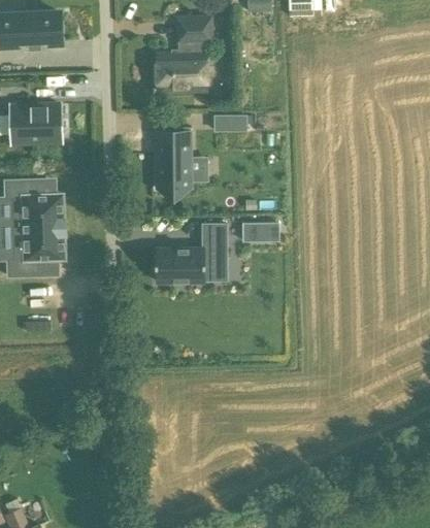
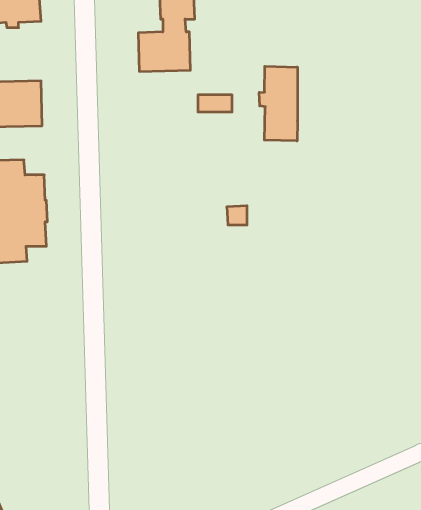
building: none -> [259,66,297,141]
building: [156,127,192,190] -> none
building: [156,223,228,285] -> none

